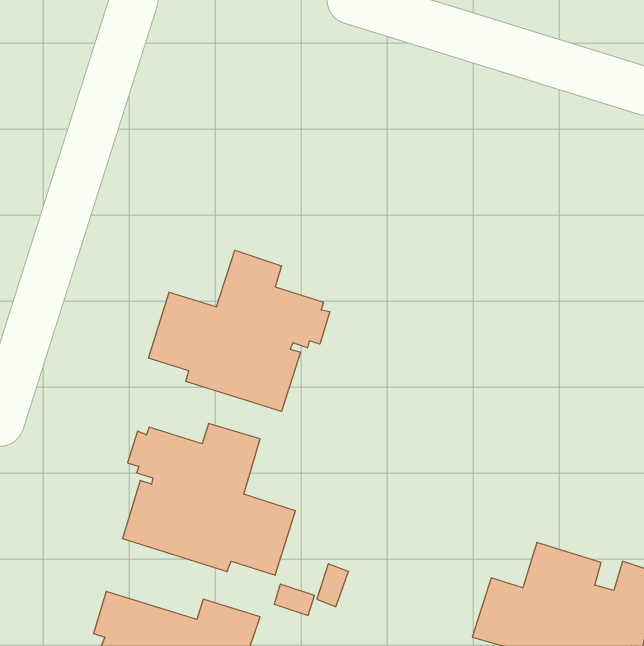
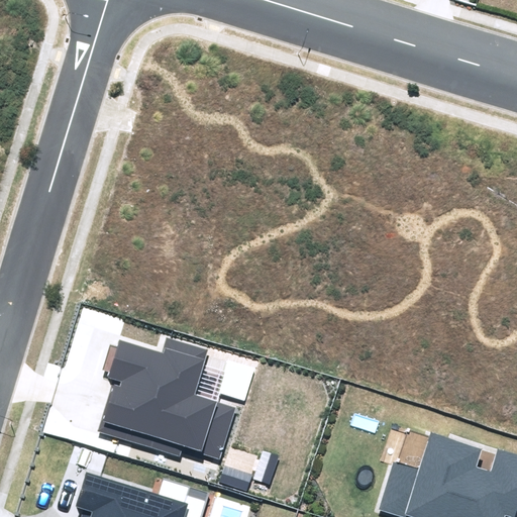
building: [148,250,330,411] -> none

